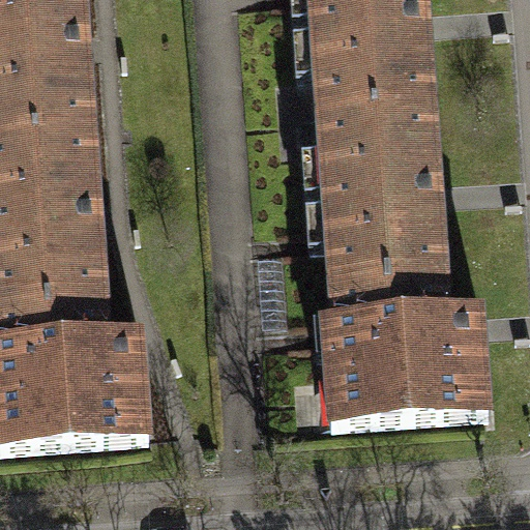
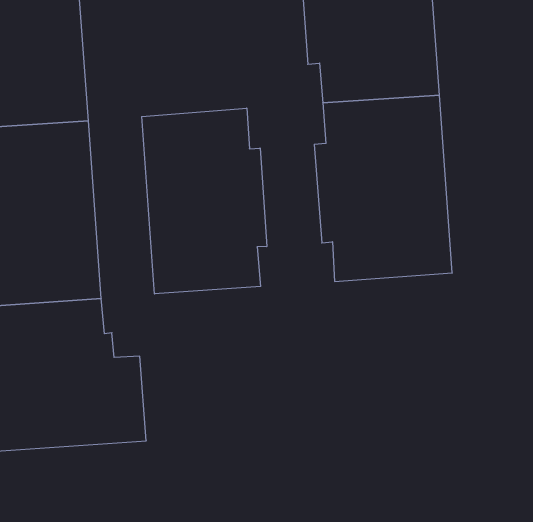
building: none -> [142,108,267,294]
building: [325,270,490,419] -> none

